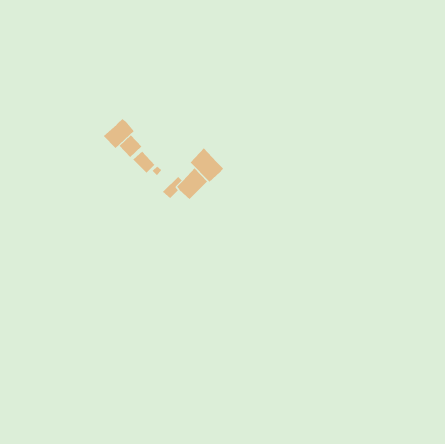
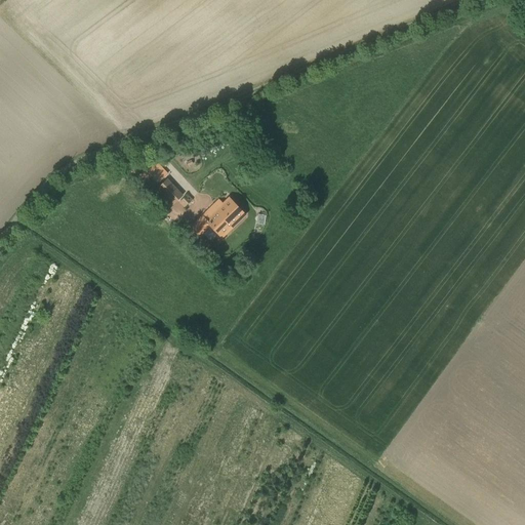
building: [103,118,134,149] -> none
building: [190,148,224,183] -> none

